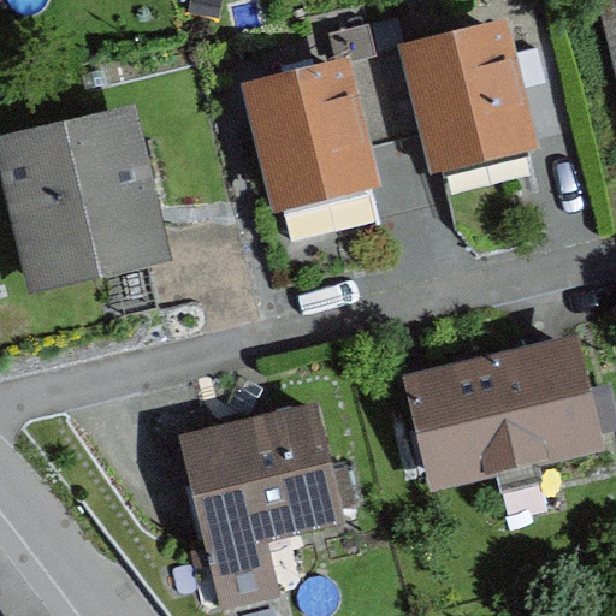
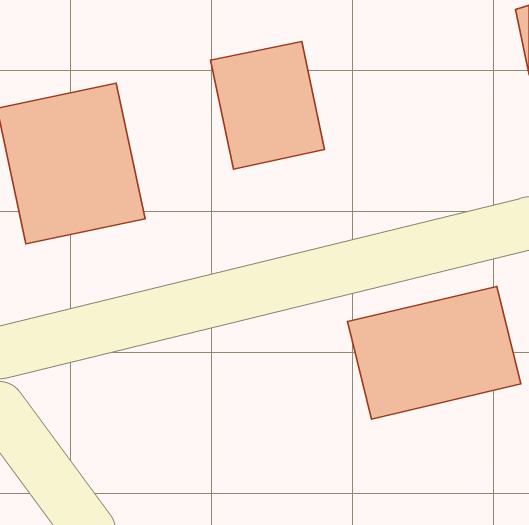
building: [404,20,535,167] -> none
building: [166,426,331,578] -> none

